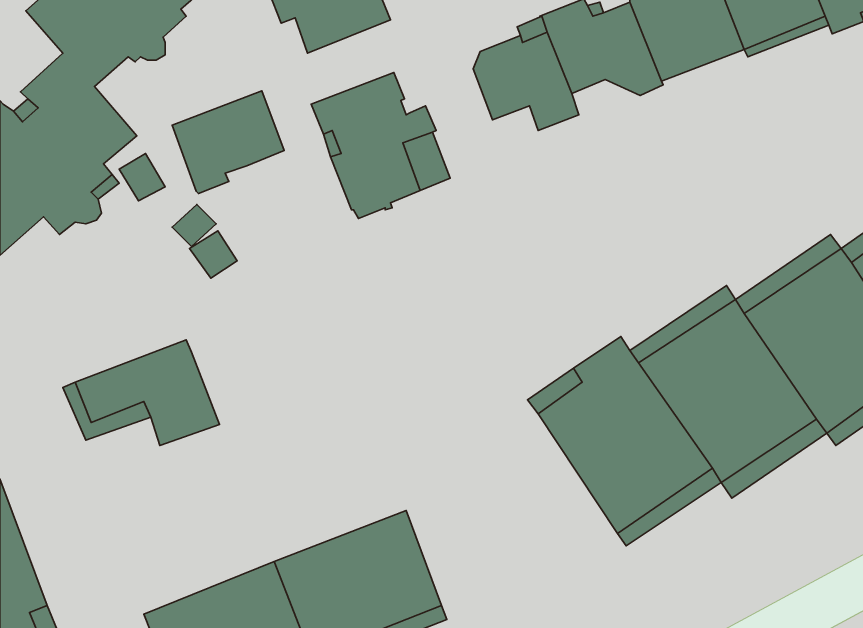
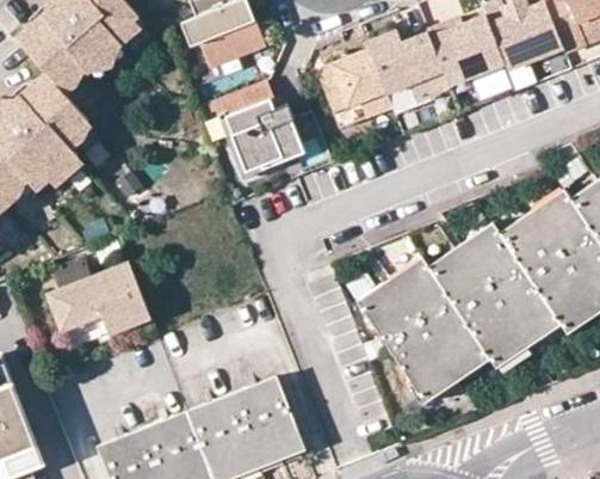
building: [172,91,284,193] -> none

